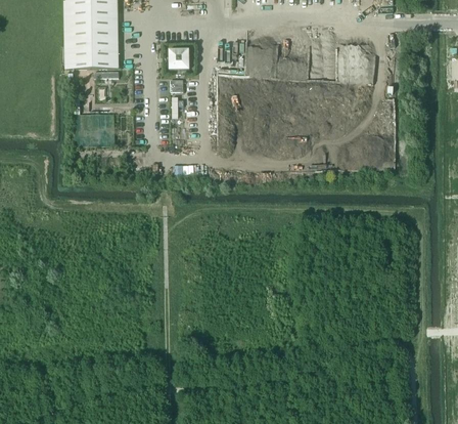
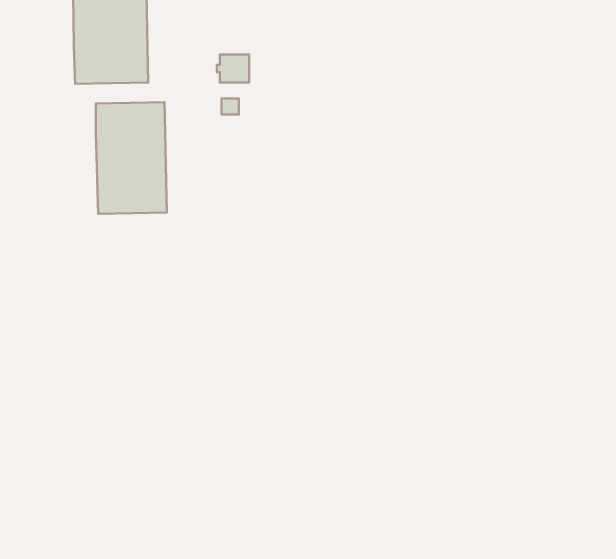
building: none -> [96,102,167,214]

